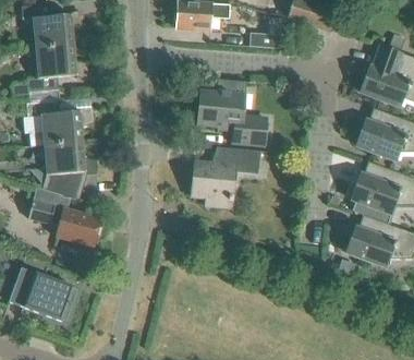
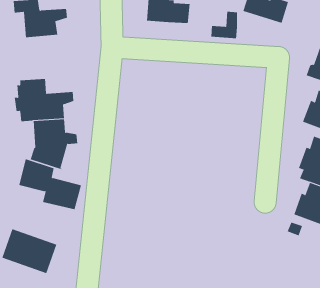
building: [12,44,89,97] -> none
building: [197,79,266,145] -> none
building: [191,146,260,208] -> none

